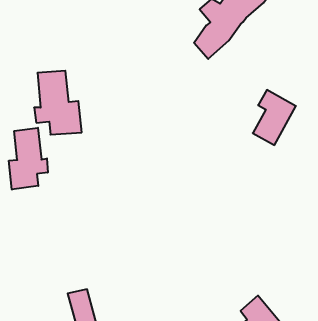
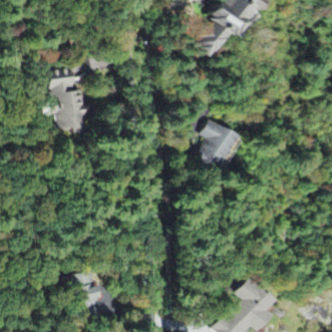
building: [253,90,296,145] -> [197,119,237,171]
building: [9,128,48,190] -> none

